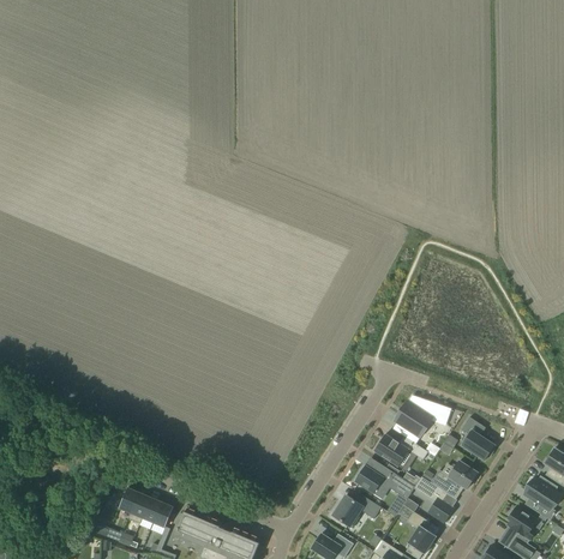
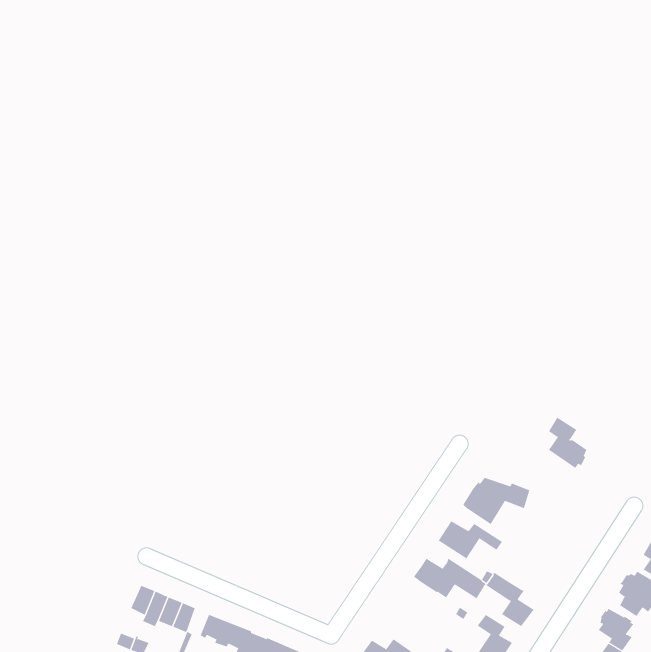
building: [461,417,493,461] -> [548,417,587,469]
building: [430,462,476,492] -> none
building: [331,495,380,529] -> none

